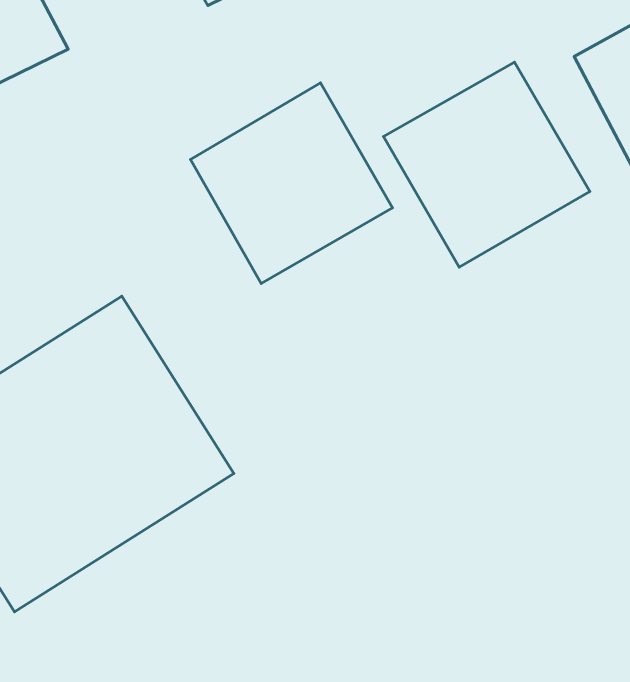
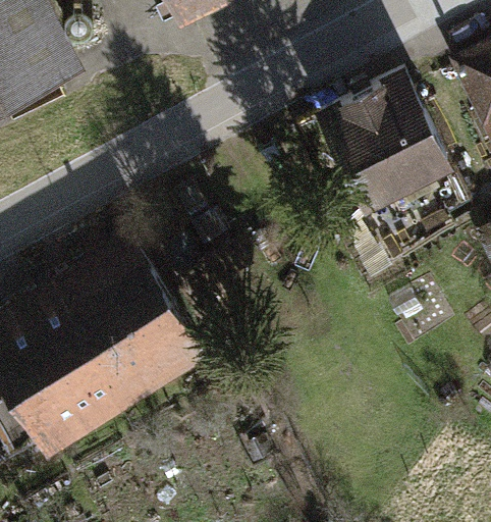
building: [190,83,393,284] -> none

